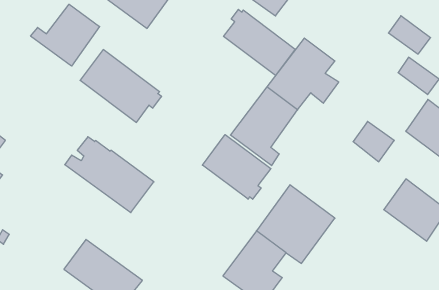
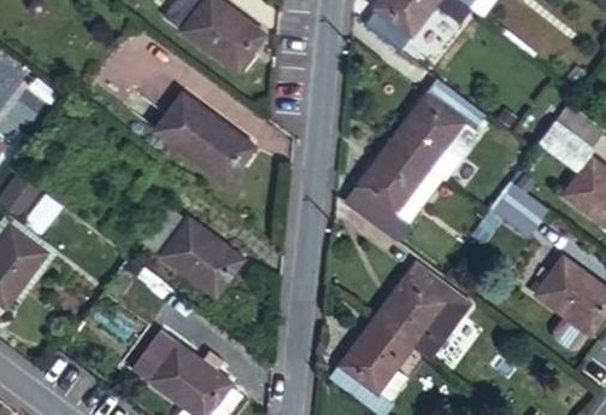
building: [31,4,100,66] -> none
building: [224,9,295,76] -> none
building: [388,16,431,54] -> [537,122,590,170]
building: [202,135,271,199] -> none

